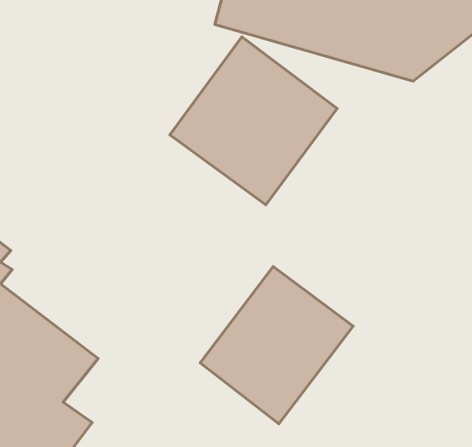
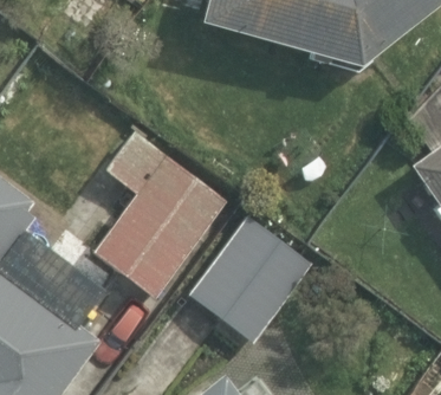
building: [170,37,337,205] -> none
building: none -> [93,155,228,302]

